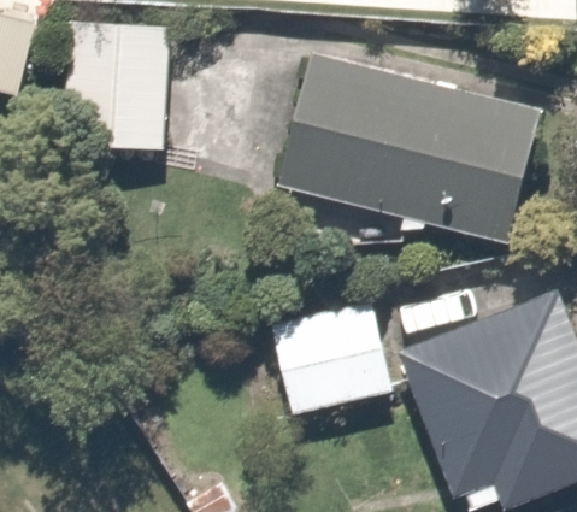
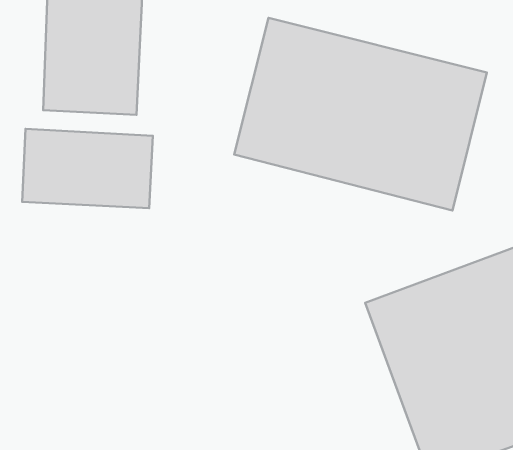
building: none -> [22,129,153,208]
building: [269,295,400,417] -> none

